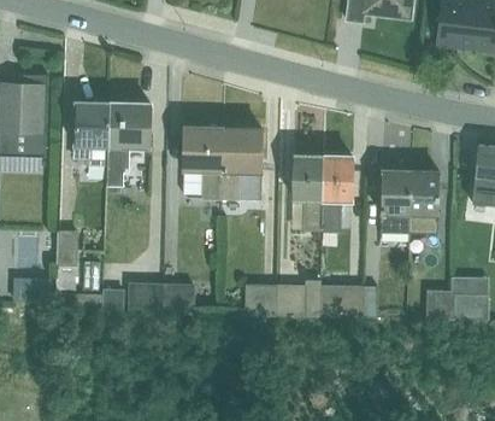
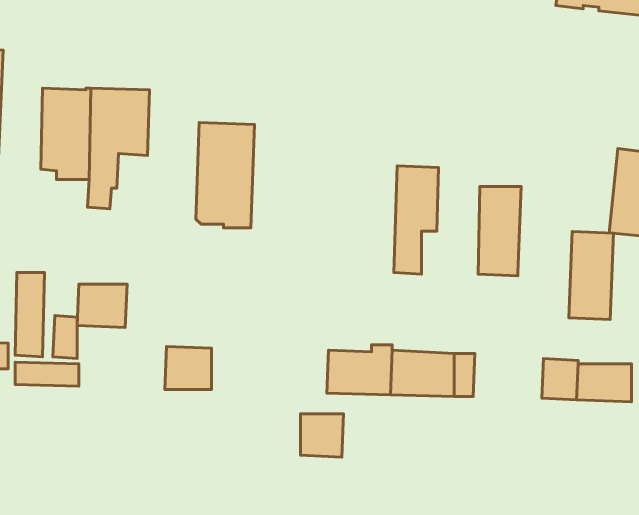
building: [222,127,261,199] -> none
building: [293,154,324,230] -> none
building: [408,170,440,232] -> [569,232,613,319]
building: [128,282,163,312] -> [77,284,127,327]
building: [246,285,276,315] -> [300,414,343,457]

